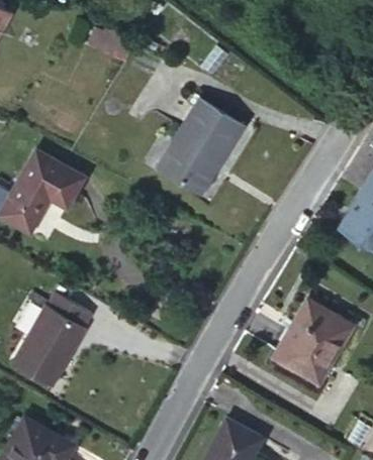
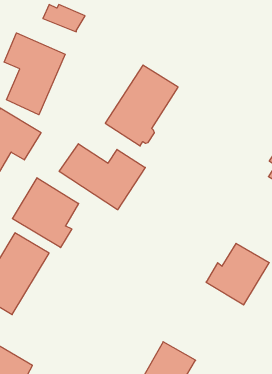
building: none -> [4,33,65,115]
building: none -> [59,144,145,210]
building: none -> [12,178,79,248]

